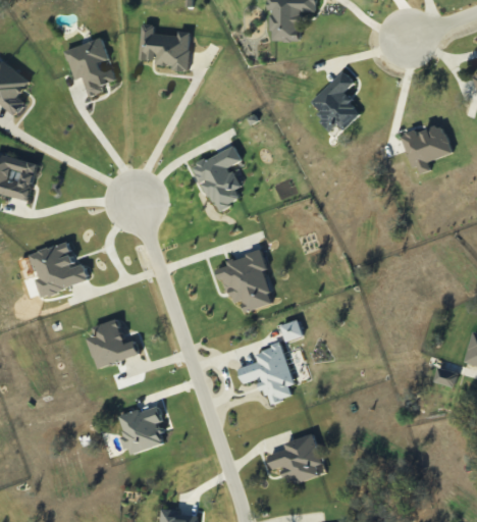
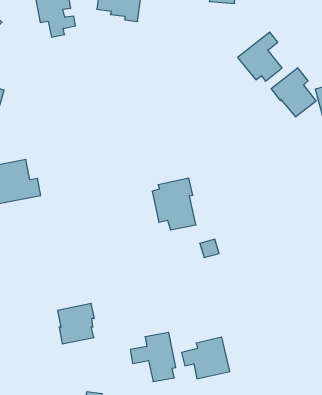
building: none -> [271,68,316,117]
building: [195,145,243,210] -> none
building: [89,318,140,366] -> none
building: [238,343,294,402] -> [130,332,176,382]

